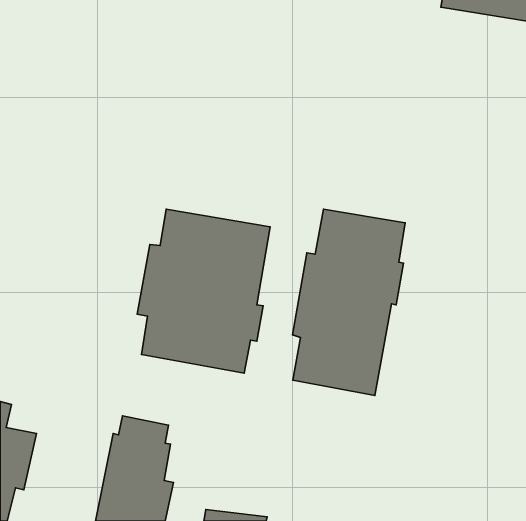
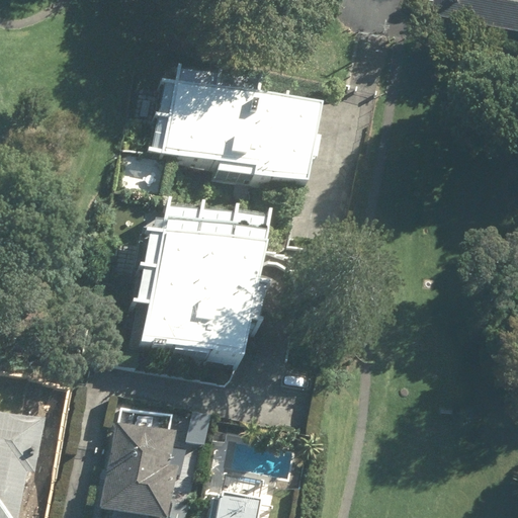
building: none -> [160,65,322,183]
building: [292,209,405,395] -> none

